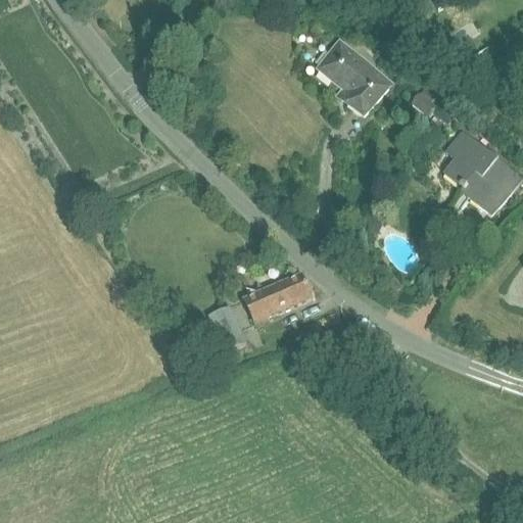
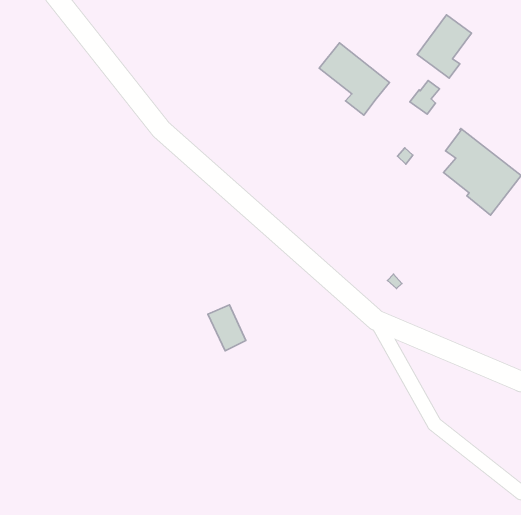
building: none -> [417,15,472,78]
building: [244,273,313,322] -> none

